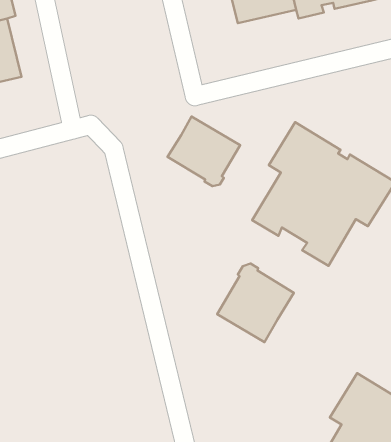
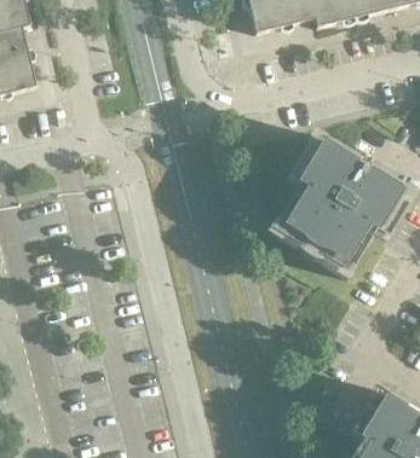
building: [168,116,240,186] -> none
building: [217,264,294,342] -> none

